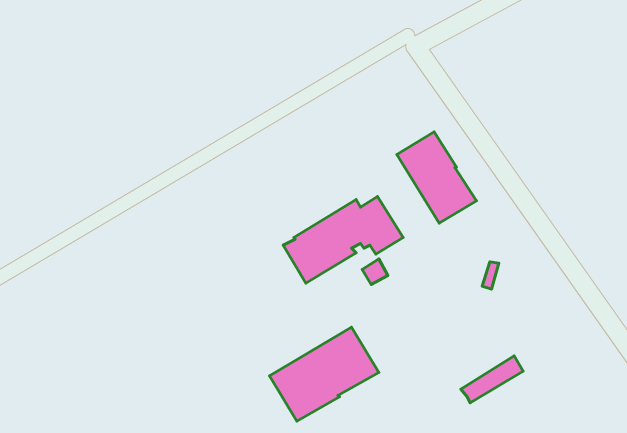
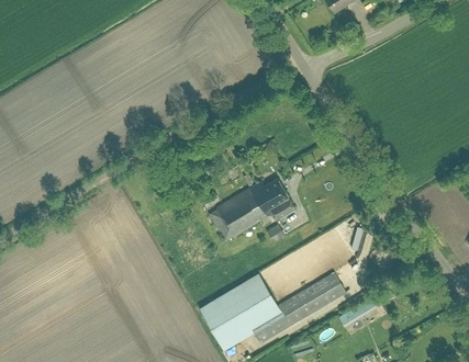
building: [397,132,476,223] -> none
building: none -> [248,272,346,342]

